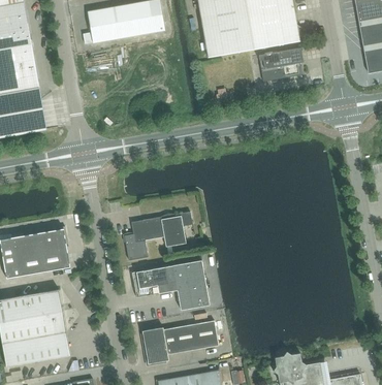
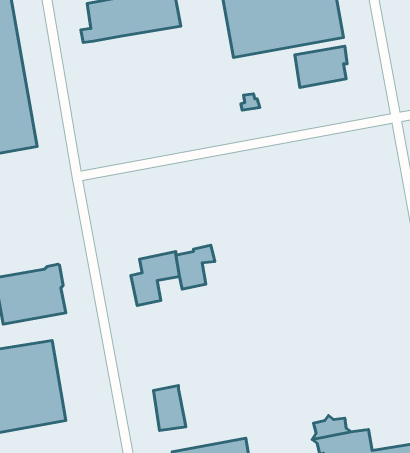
building: [132,260,212,310] -> none
building: [163,321,219,355] -> none

